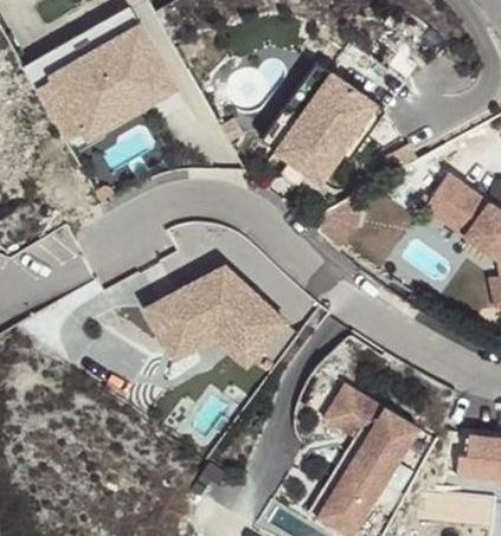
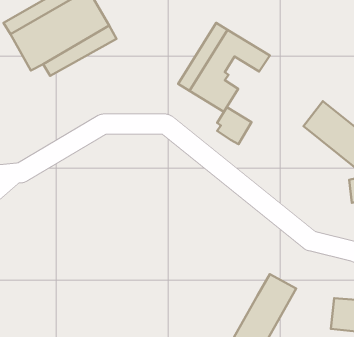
building: [322,111,368,161] -> [217,107,252,144]
building: [134,266,291,369] -> none
building: [325,380,383,432] -> none

